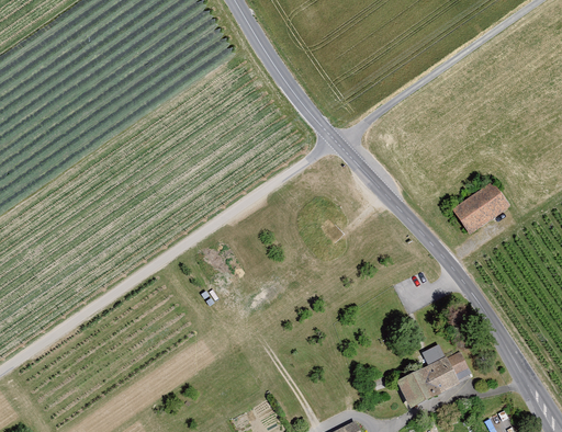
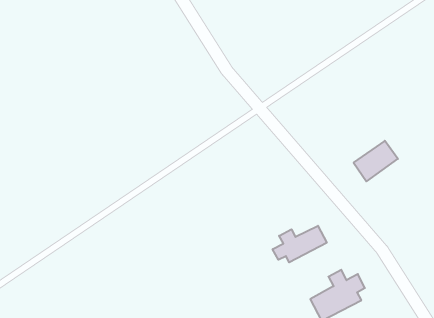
building: none -> [273,226,327,262]

